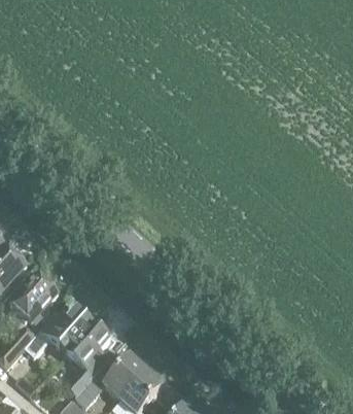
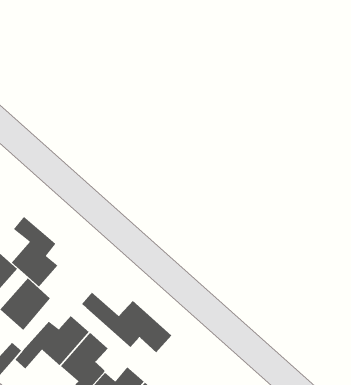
building: none -> [11,216,58,288]
building: none -> [81,292,172,353]

